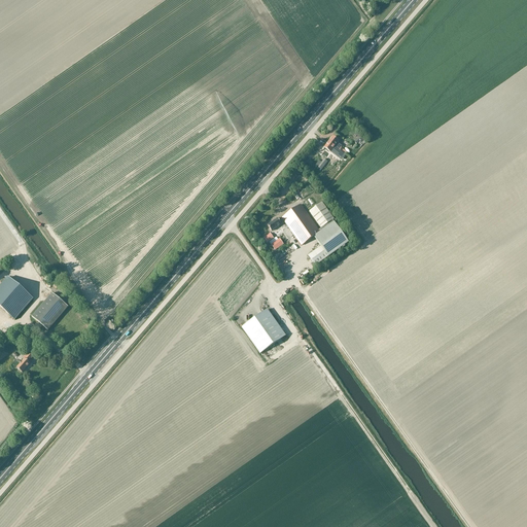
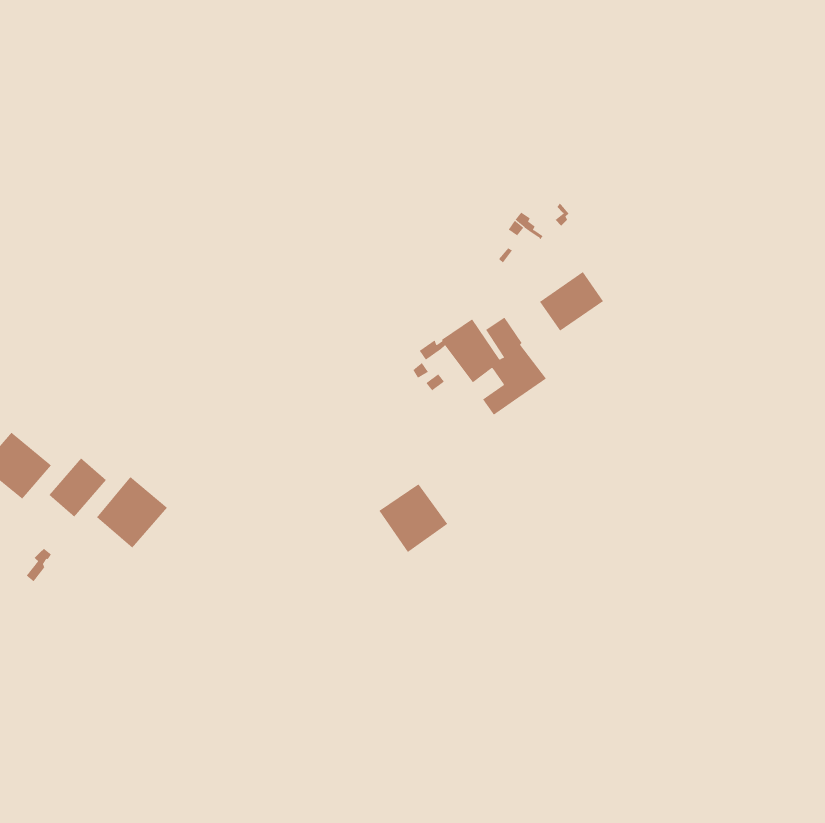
building: none -> [539,271,604,332]
building: none -> [96,476,168,549]

